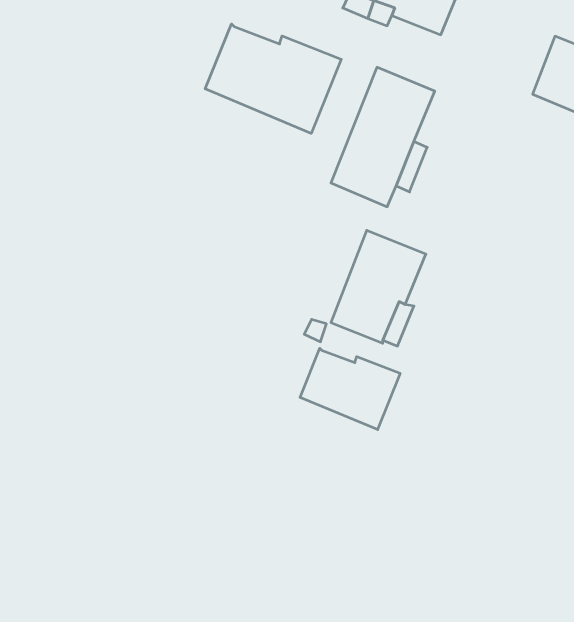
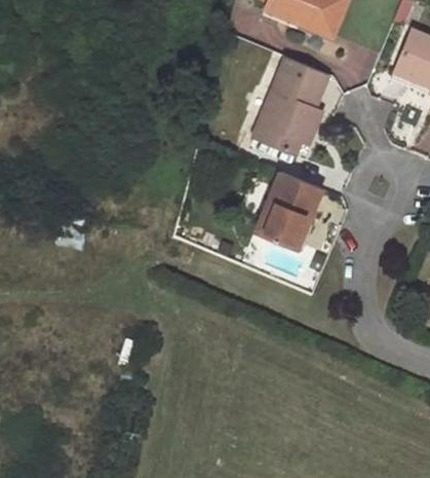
building: [205,24,341,133] -> none
building: [300,348,400,430] -> none

